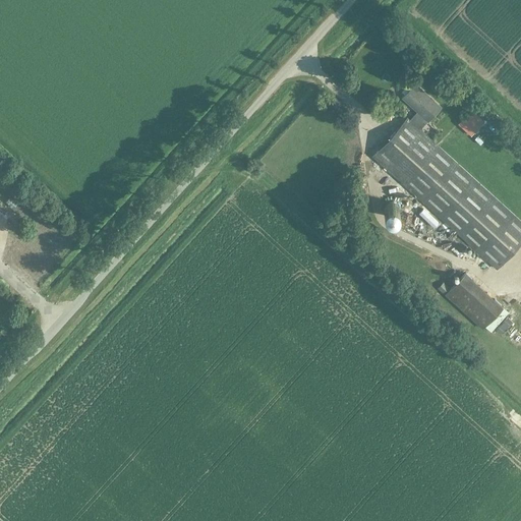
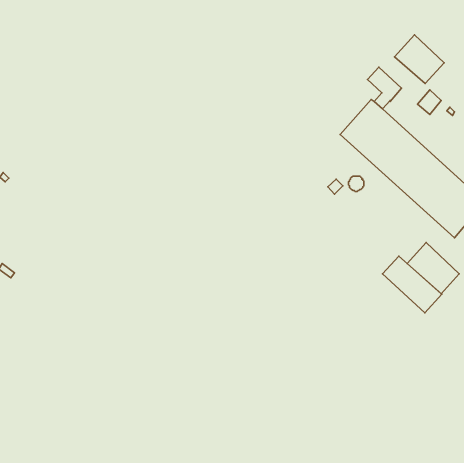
building: none -> [395,35,444,84]
building: none -> [382,256,442,313]

